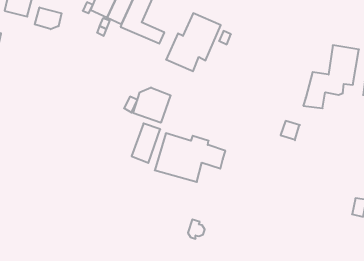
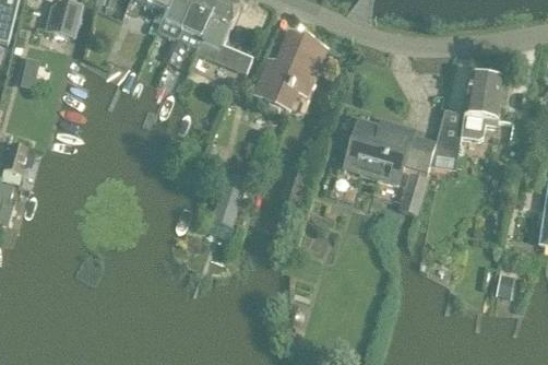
building: [35,7,62,29] -> none
building: [133,87,171,123] -> none
building: [155,133,225,182] -> [343,119,434,182]

